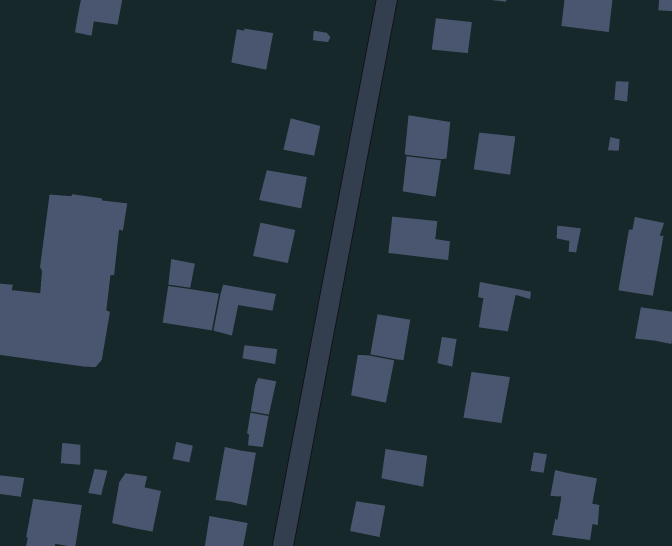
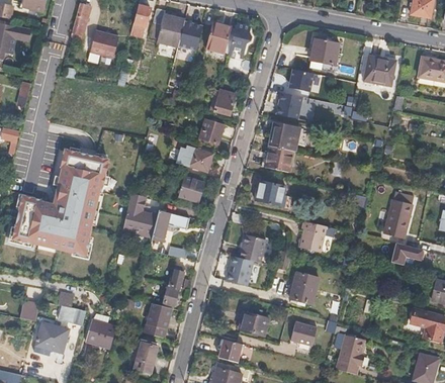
building: [230,28,274,71] -> [209,90,236,115]
building: [473,132,516,176] -> [277,93,303,119]
building: none -> [291,321,316,345]

